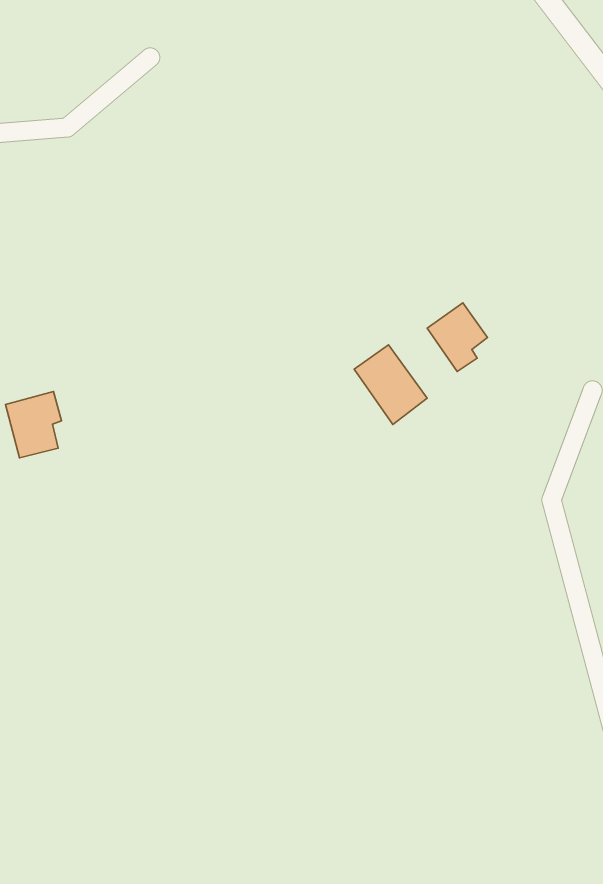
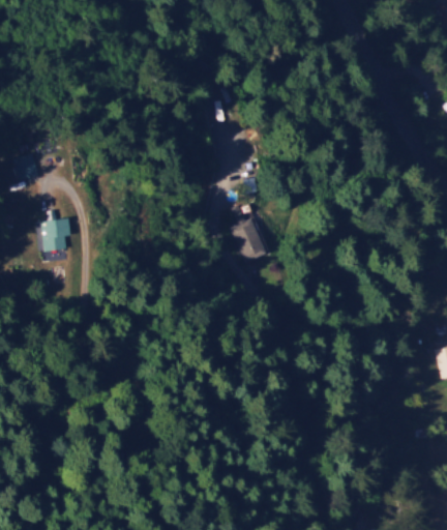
building: [427,303,488,372] -> none

